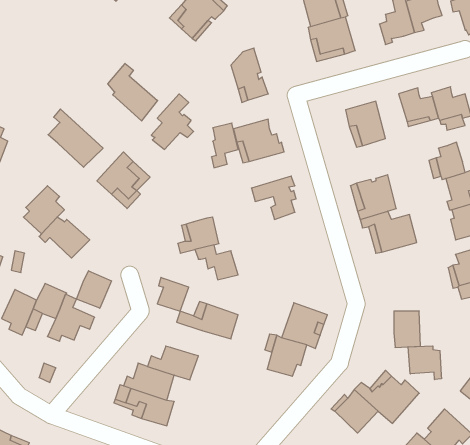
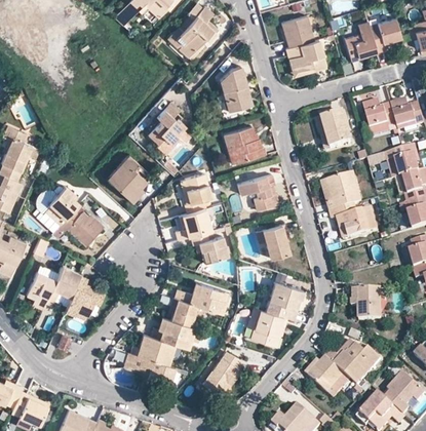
building: [108,63,158,121] -> none
building: [48,109,103,167] -> none
building: [211,123,238,168] -> [187,175,209,213]
building: none -> [262,225,287,259]
building: [76,271,111,308] -> none
building: [157,277,189,311] -> [169,298,196,326]
building: [408,346,441,380] -> none
building: none -> [202,352,240,395]

